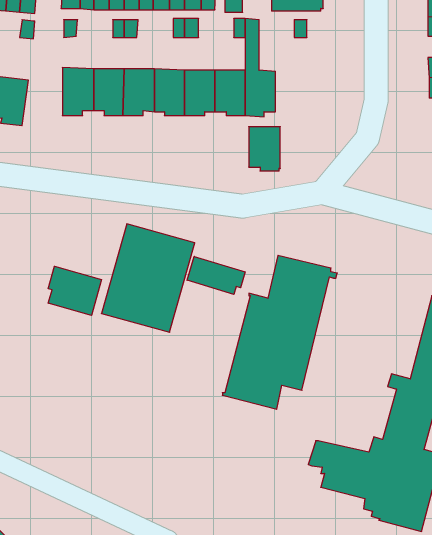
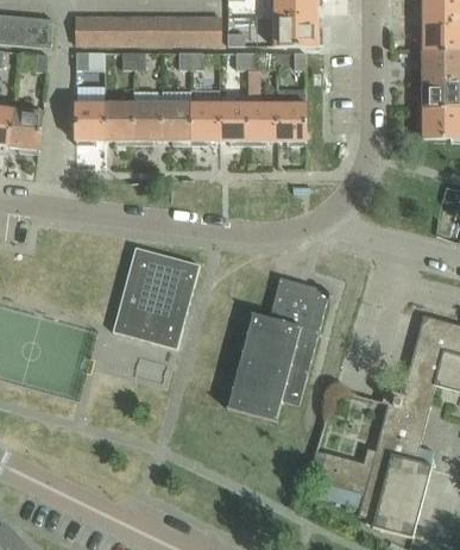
building: [249,127,280,171] -> [276,102,305,144]
building: [187,256,245,294] -> none
building: [48,266,101,315] -> none

